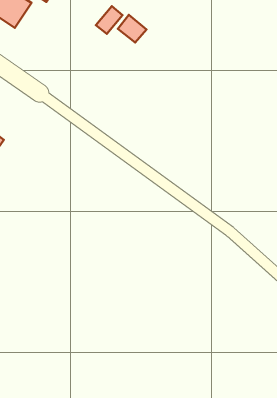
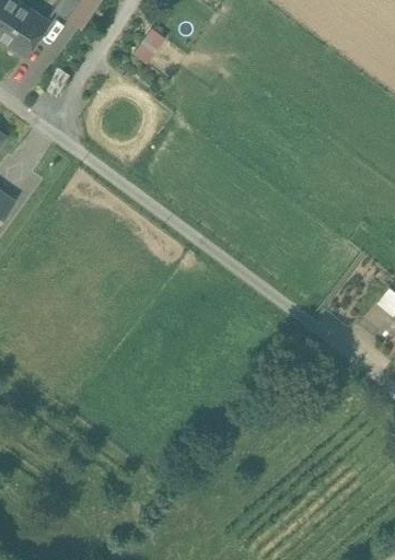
building: [118,15,146,42] -> none

